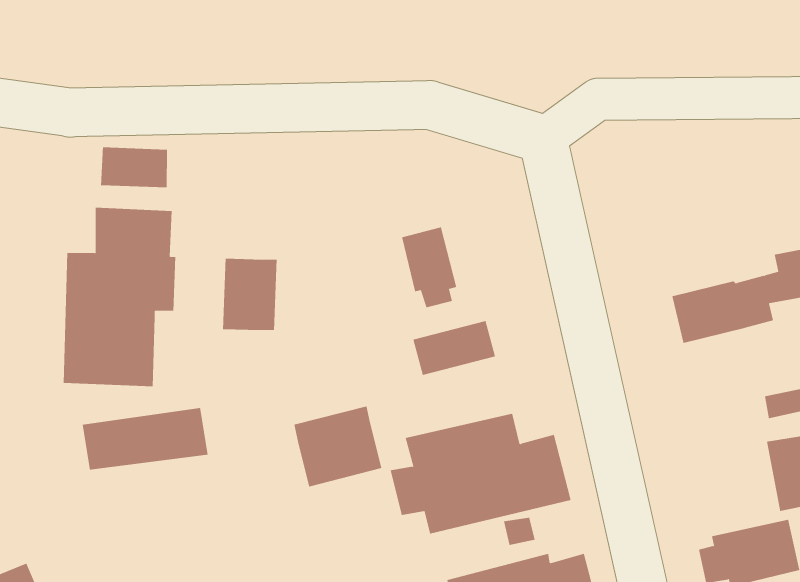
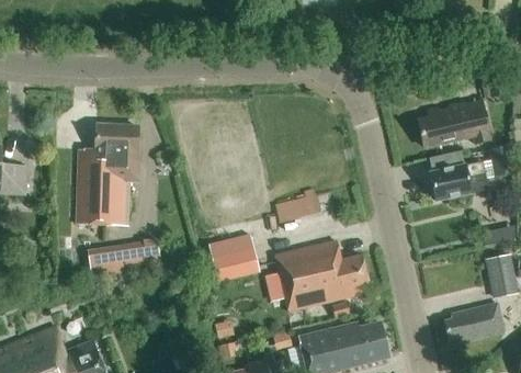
building: [101,147,168,188] -> none
building: none -> [417,103,489,146]
building: [402,227,457,308] -> none
building: [223,258,277,331] -> none

